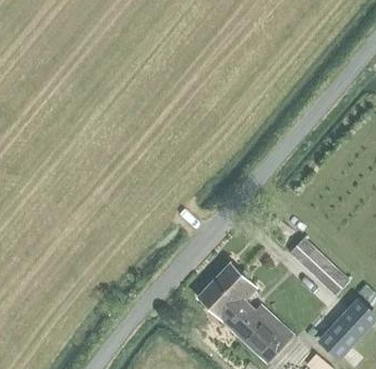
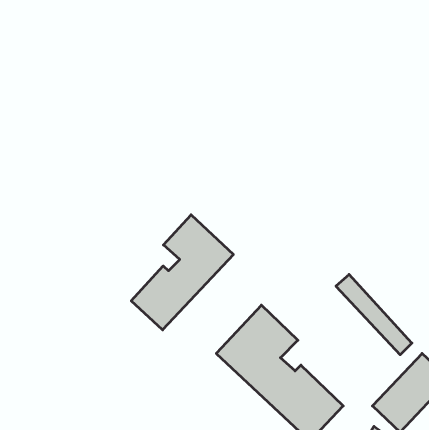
building: none -> [131,215,233,330]

